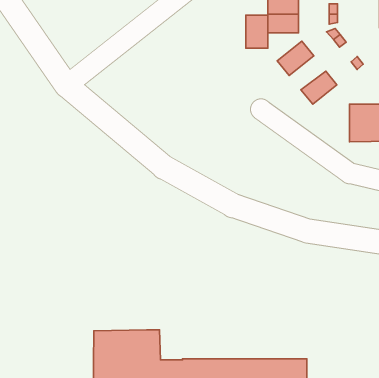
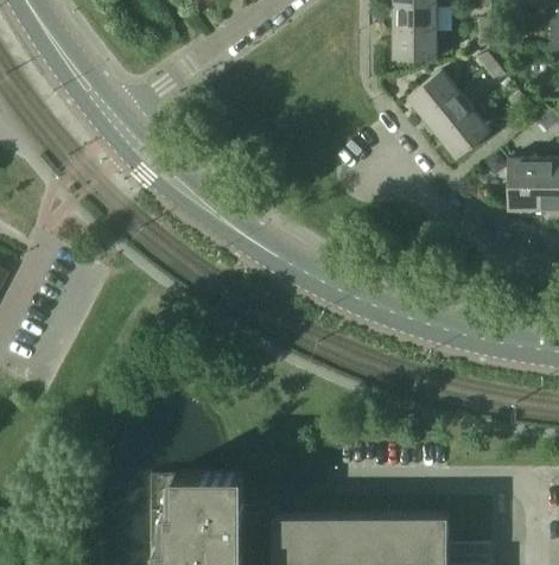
building: [246,15,268,48] -> none
building: none -> [425,91,476,139]

